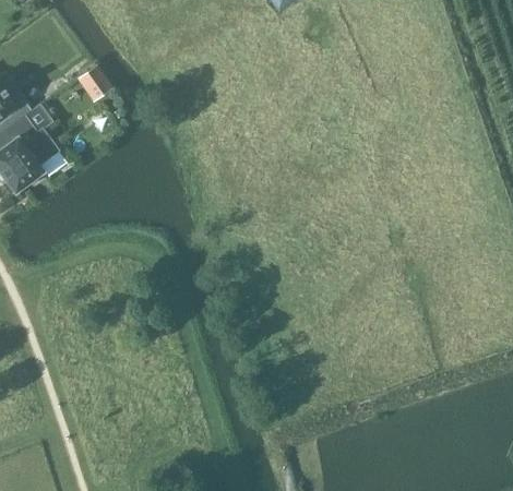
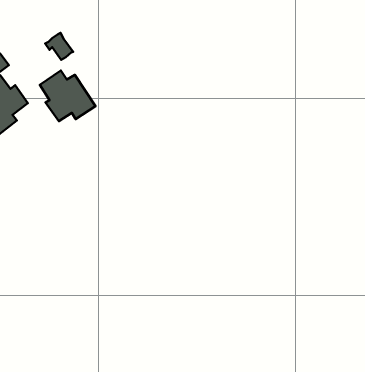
building: none -> [40,71,96,121]

